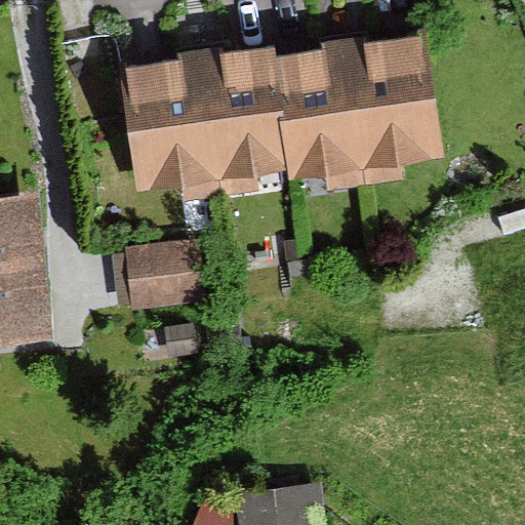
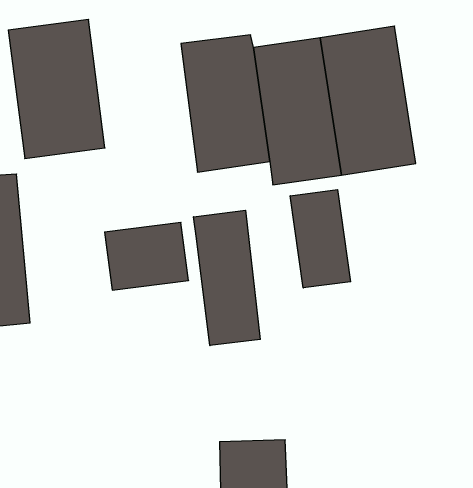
building: [118,50,220,198] -> [8,19,105,159]
building: none -> [290,190,351,288]
building: none -> [194,210,260,346]

